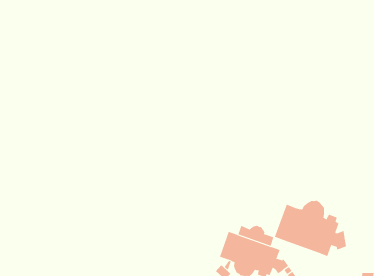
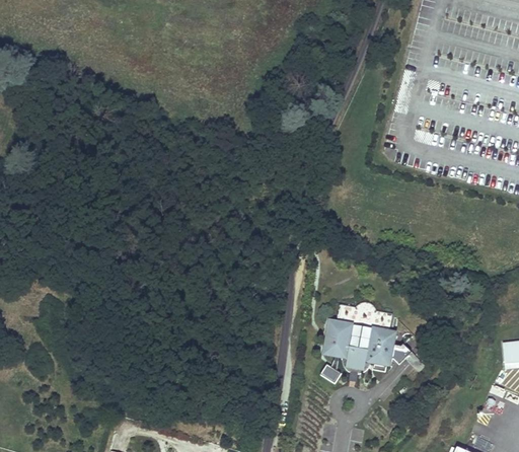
building: [274,200,346,257] -> none

